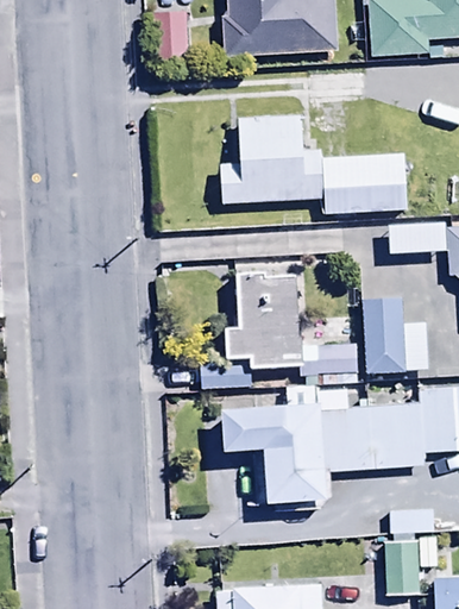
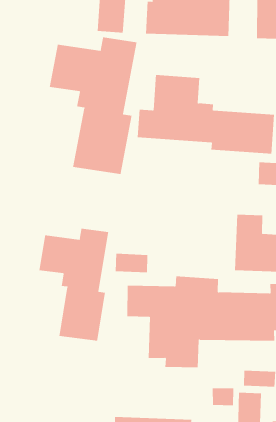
building: none -> [49,37,137,175]
building: [225,264,358,384] -> none
building: none -> [39,228,109,342]

